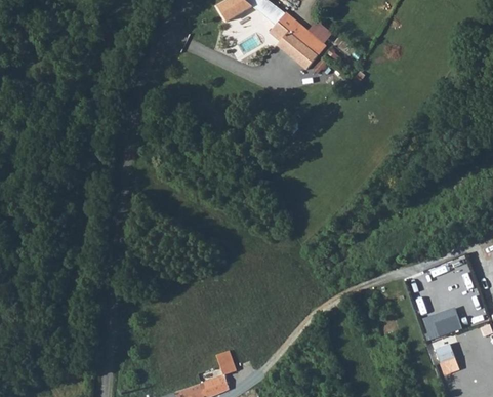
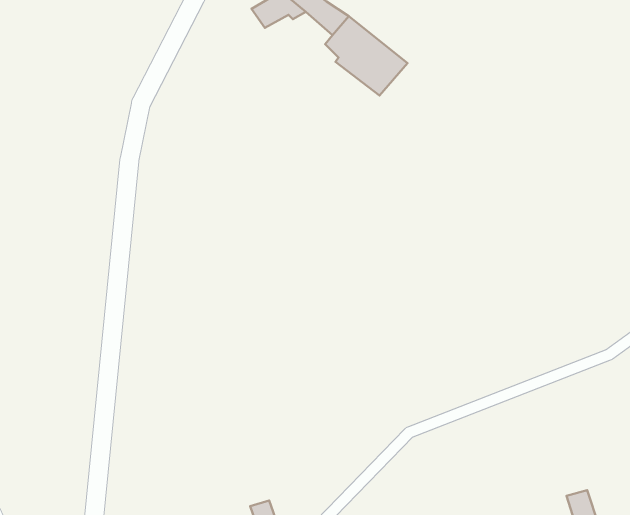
building: [423,305,463,336] -> none

